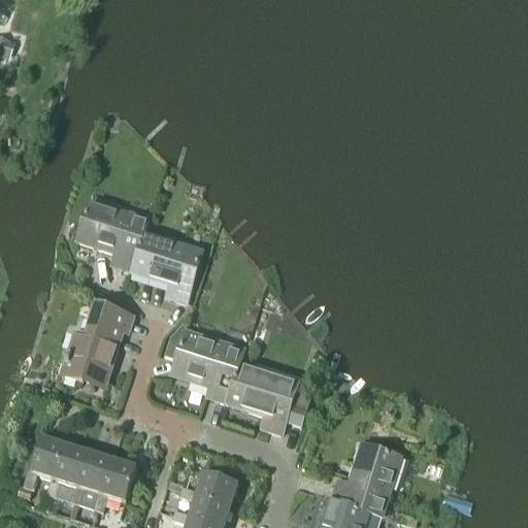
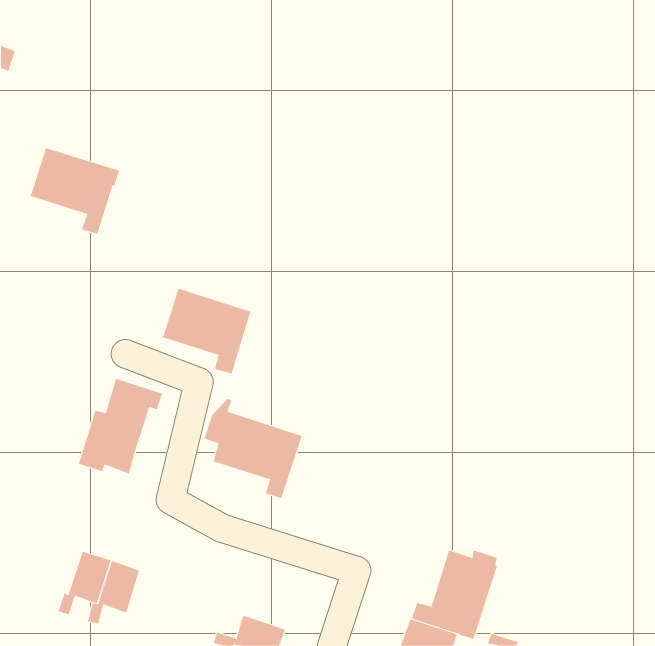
building: [76,200,148,270] -> [30,147,120,235]
building: [226,363,312,433] -> none
building: [18,436,66,496] -> none
building: [94,459,137,510] -> none
building: [179,471,237,506] -> none

